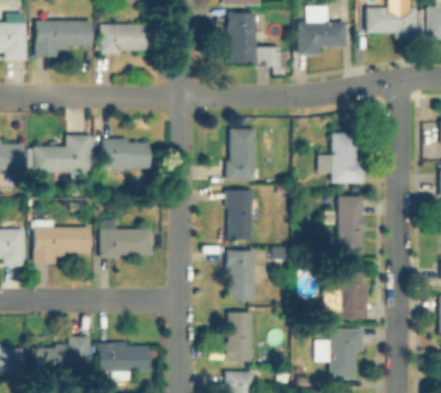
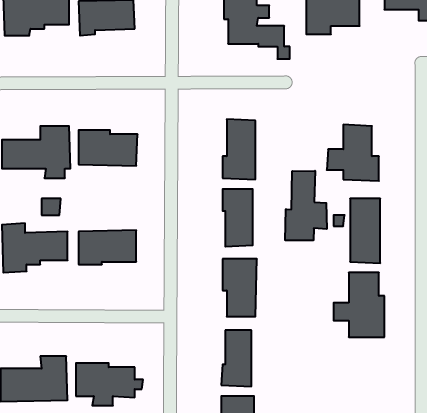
building: none -> [285,171,327,240]
building: [316,327,362,377] -> none

